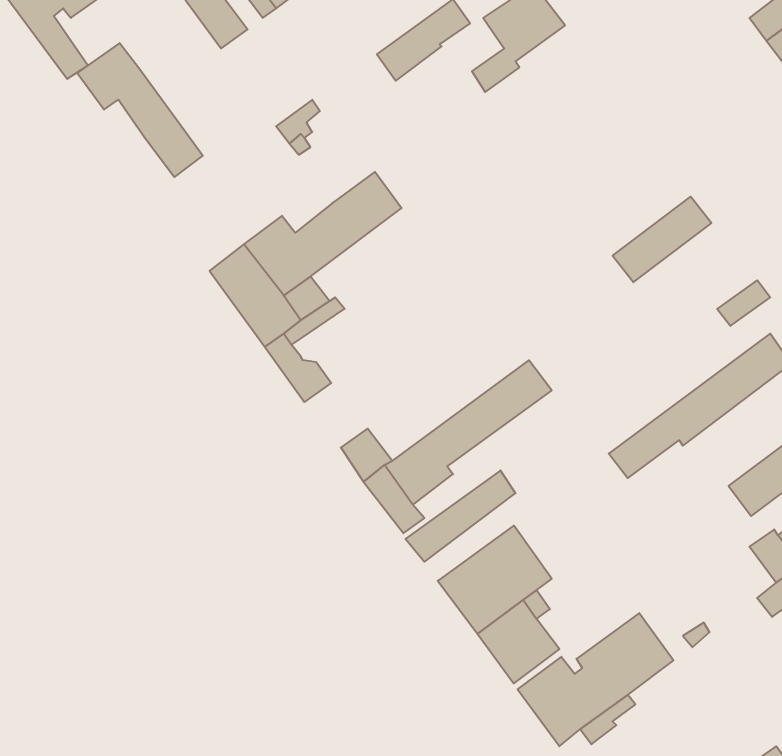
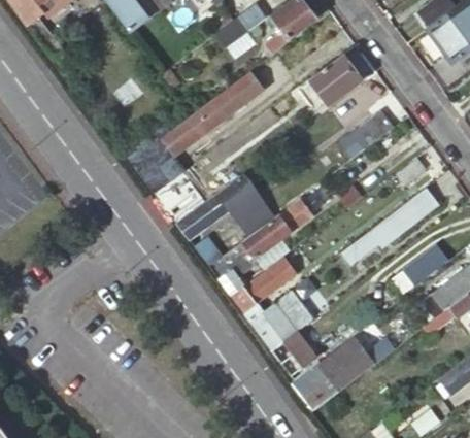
building: [77,43,203,177] -> none
building: none -> [311,54,363,103]
building: none -> [213,65,273,117]
building: none -> [177,176,269,238]

